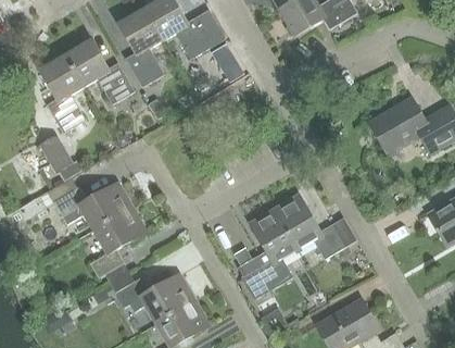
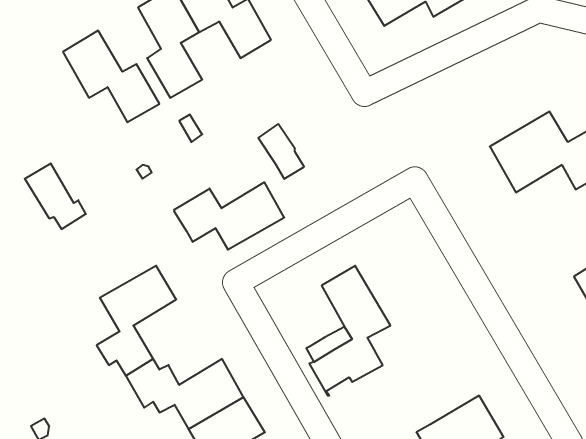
building: [211,42,243,82] -> [258,124,304,179]
building: [39,54,85,133] -> none
building: [53,182,131,229] -> [174,182,284,250]
building: [273,192,356,259] -> none

